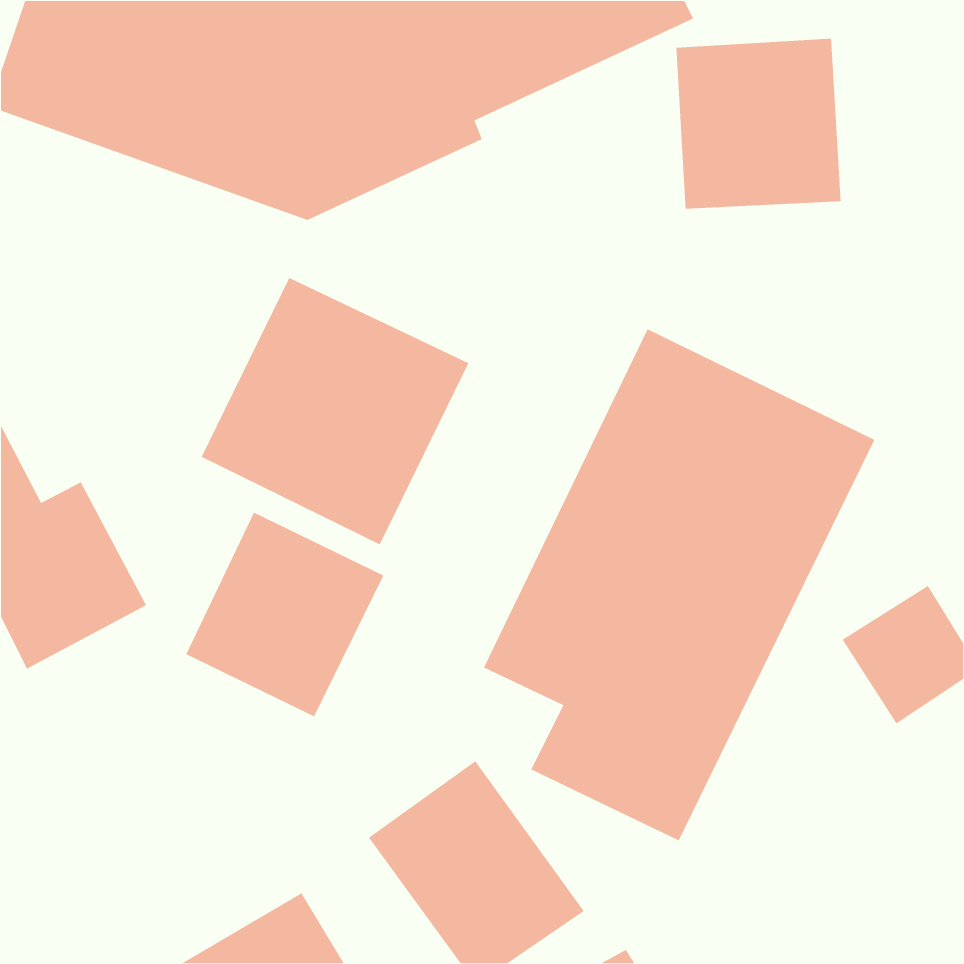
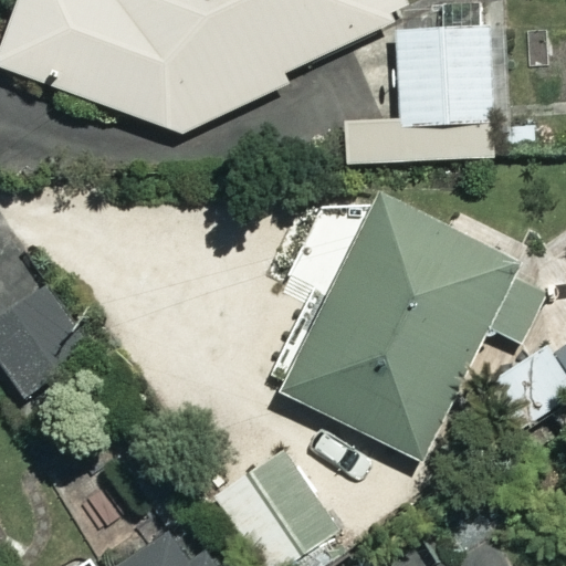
building: [201,277,469,546] -> none
building: [185,511,384,718] -> none

